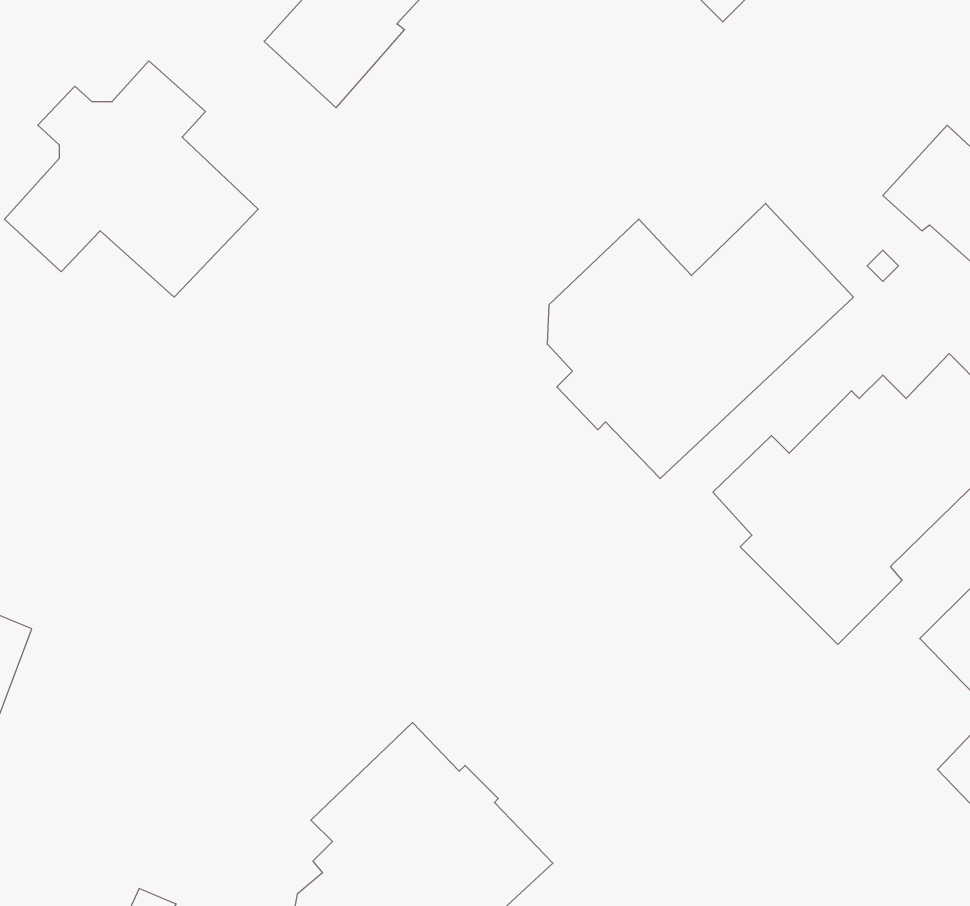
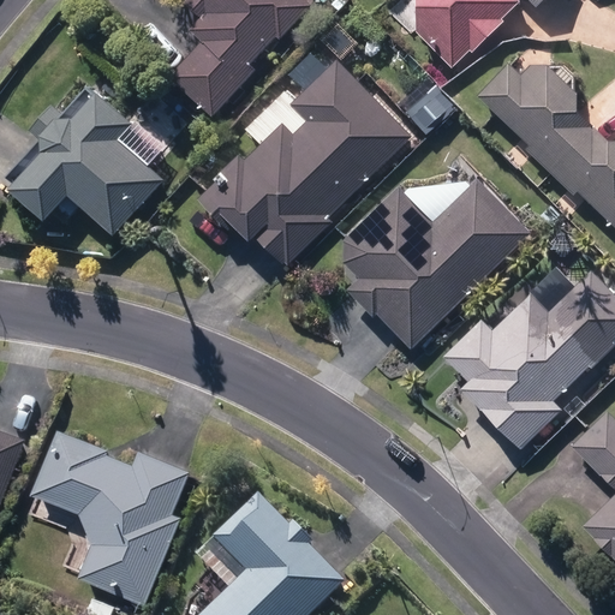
building: none -> [197,61,412,264]
building: none -> [478,66,589,172]
building: none -> [31,430,191,602]

